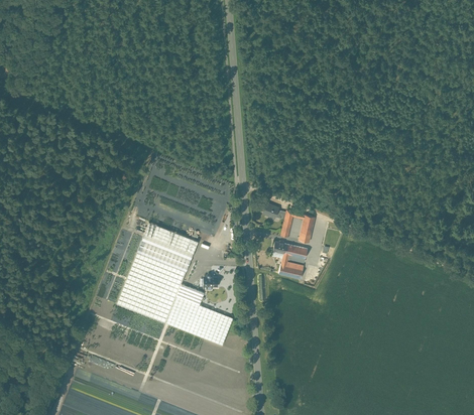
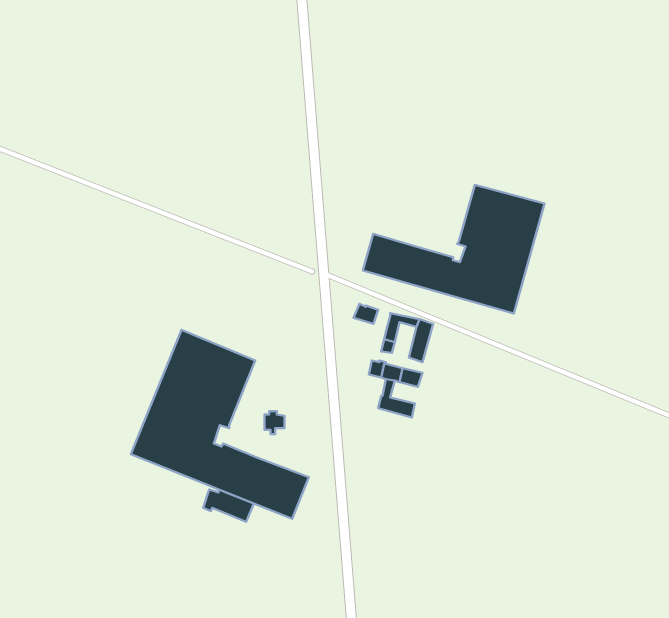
building: none -> [363,185,544,314]
building: [170,284,204,305] -> [203,490,254,522]

